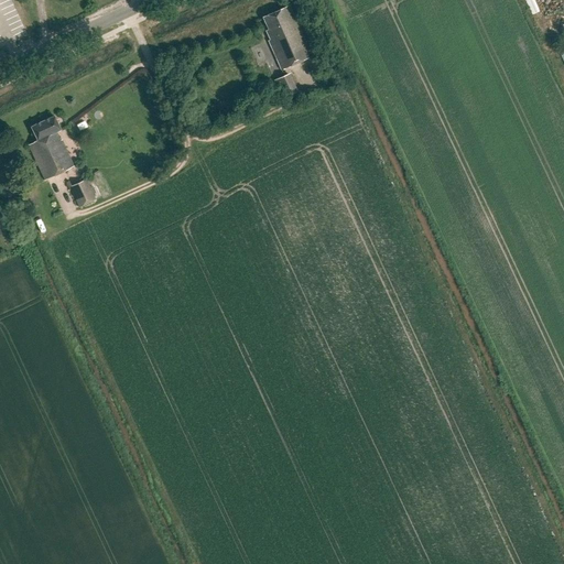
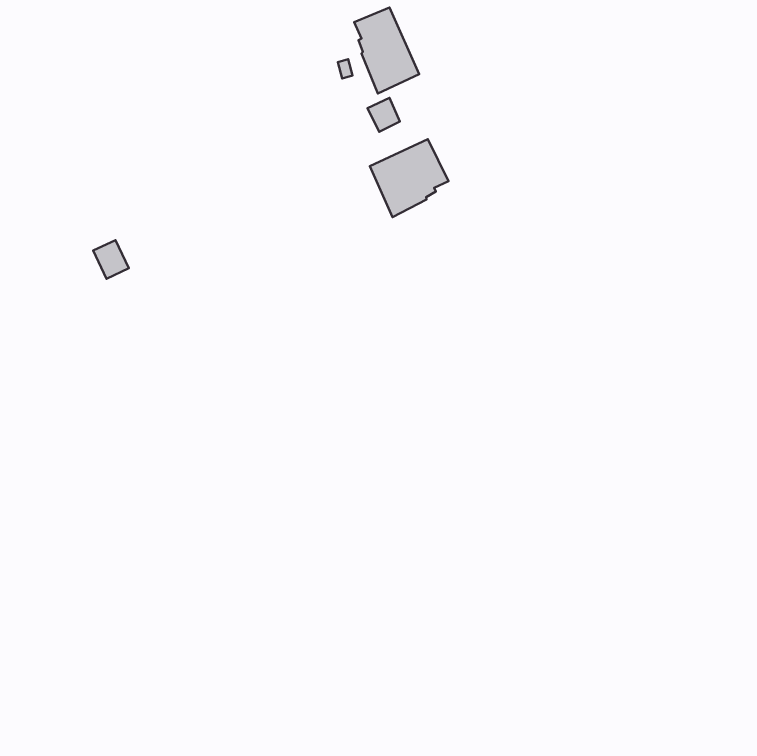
building: none -> [370,139,449,217]
building: [29,116,74,180] -> none

